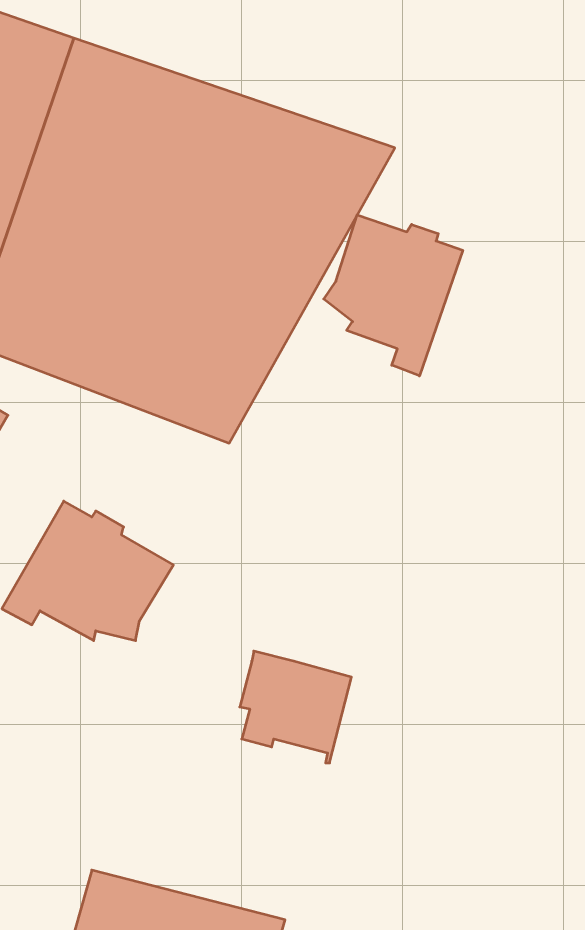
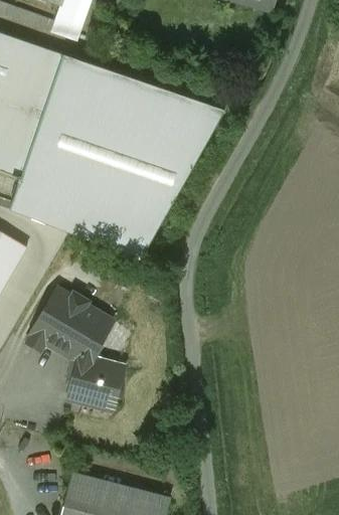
building: [324,215,463,376] -> none
building: [240,651,351,763] -> [65,354,122,410]

